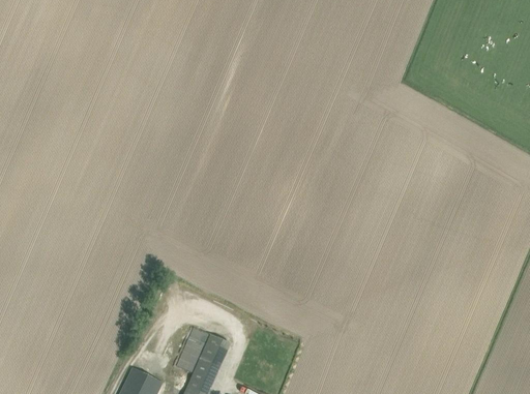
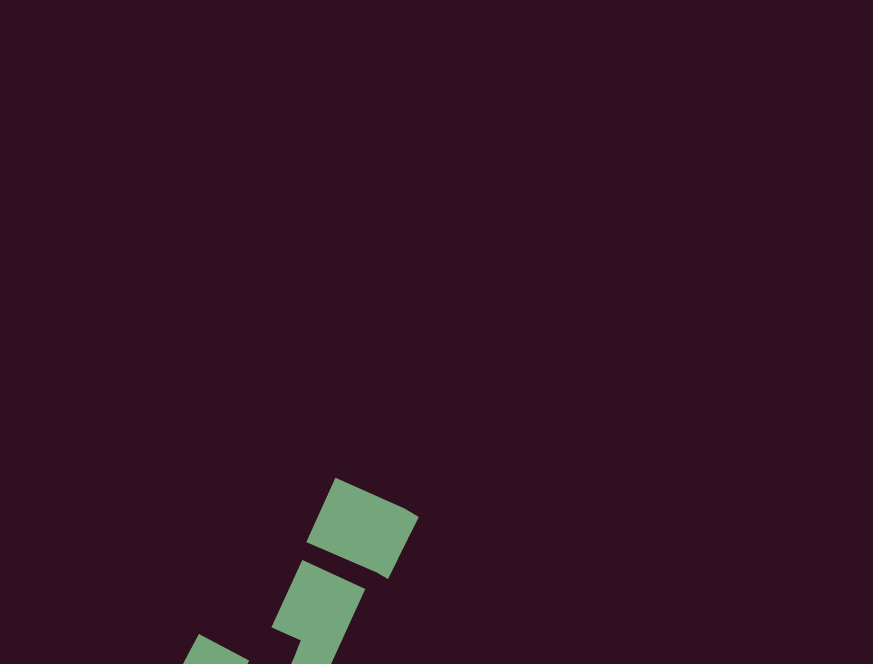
building: none -> [306,477,419,580]

